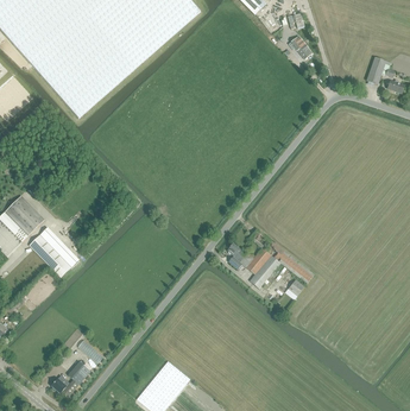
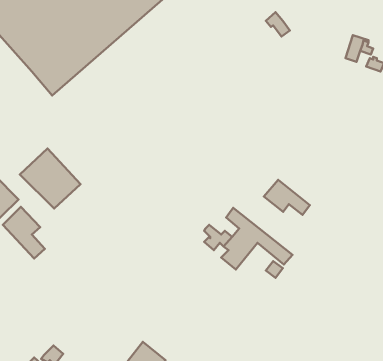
building: none -> [20,149,80,208]
building: none -> [264,180,310,215]

